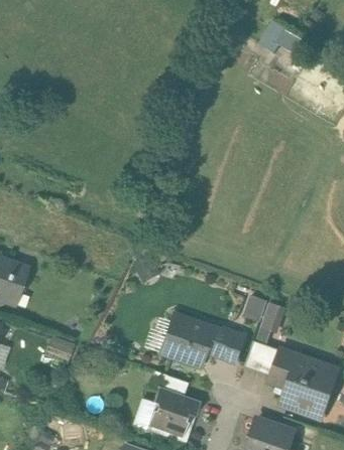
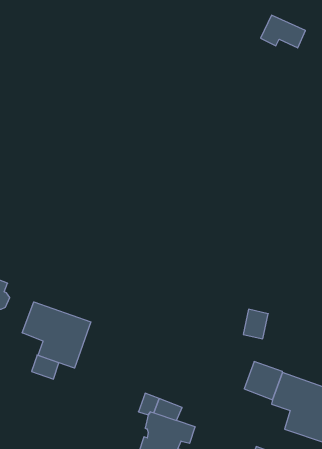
building: none -> [22,302,91,368]
building: [258,300,285,341] -> none
building: [165,316,243,365] -> none

